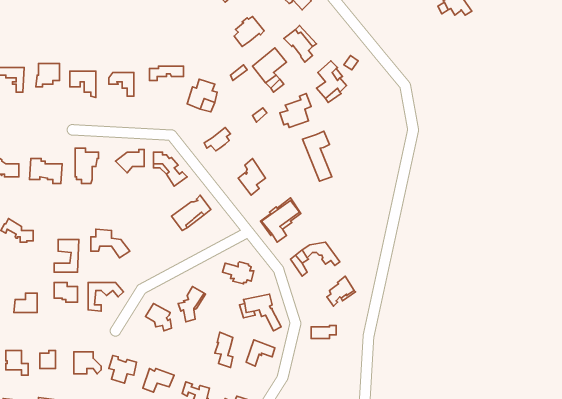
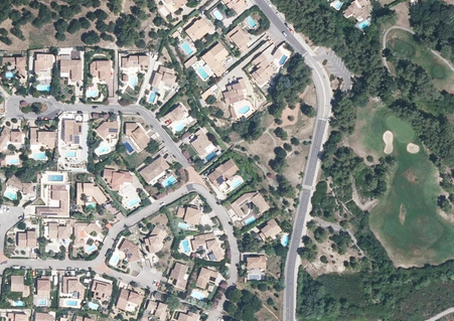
building: [303,131,332,181] -> none
building: none -> [103,169,133,191]

